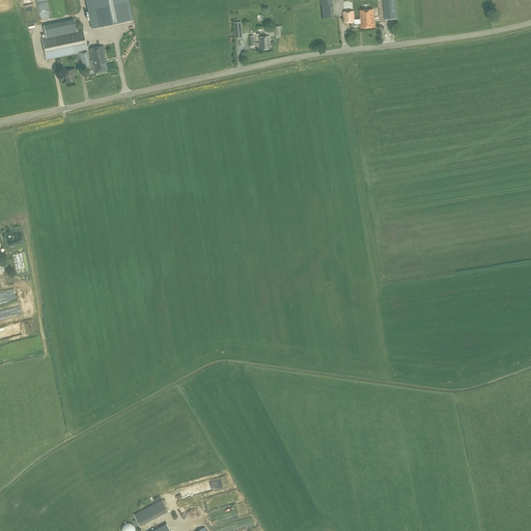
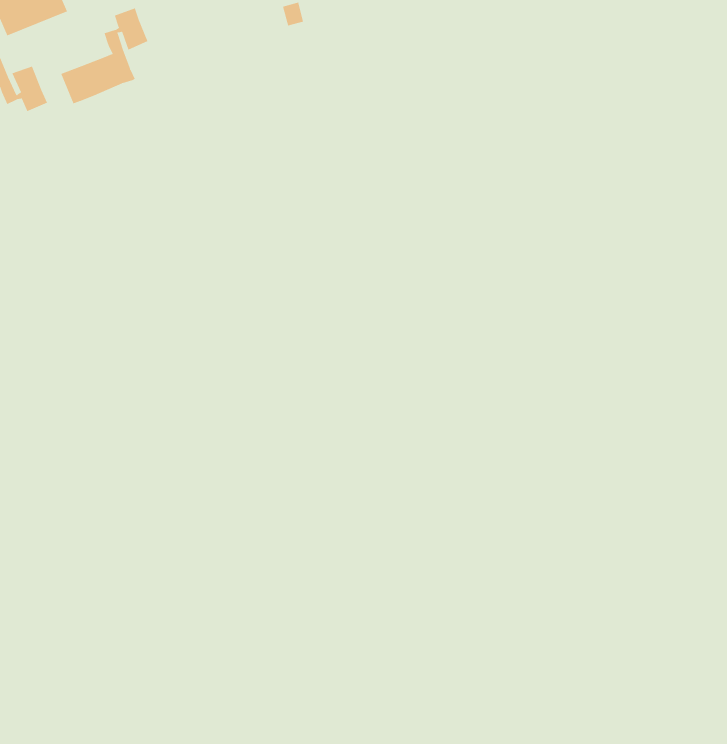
building: none -> [60,7,148,104]

